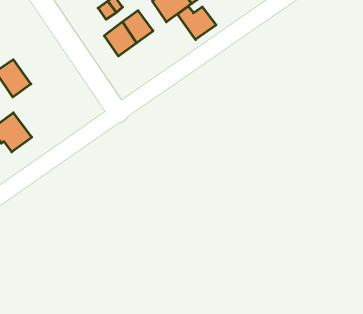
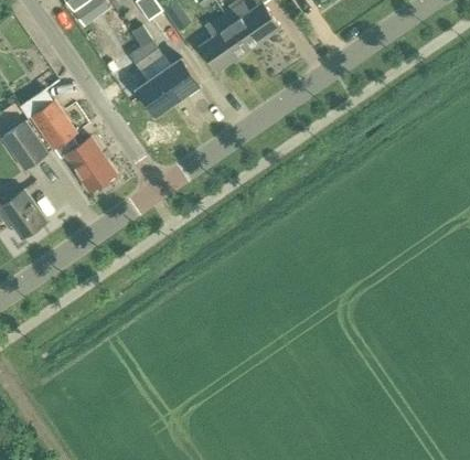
building: [177,6,216,40] -> none
building: none -> [29,98,114,190]

